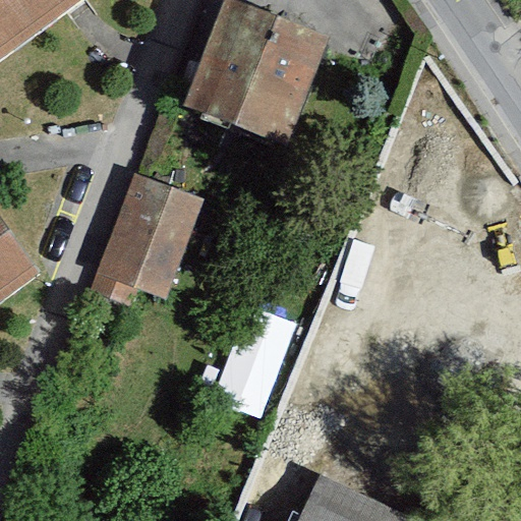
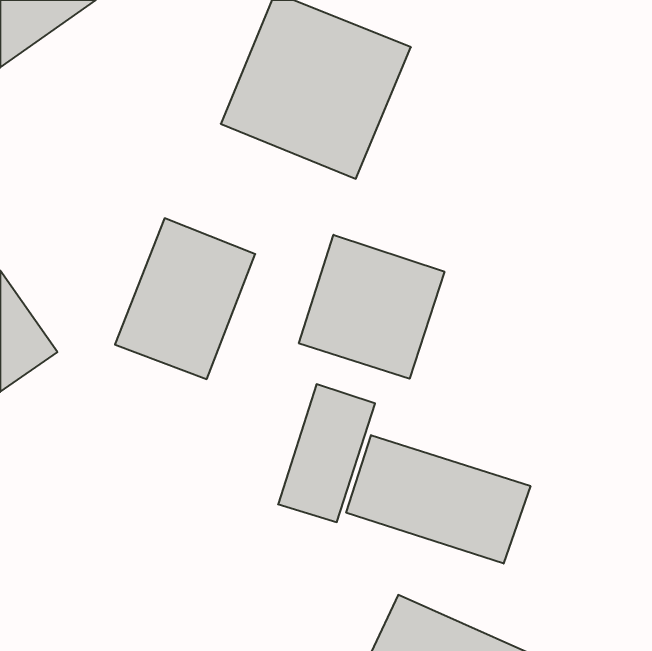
building: none -> [299,235,444,379]
building: none -> [346,435,530,564]

